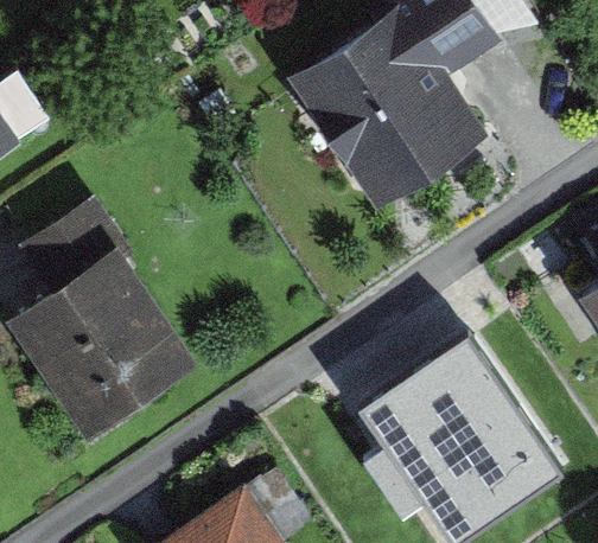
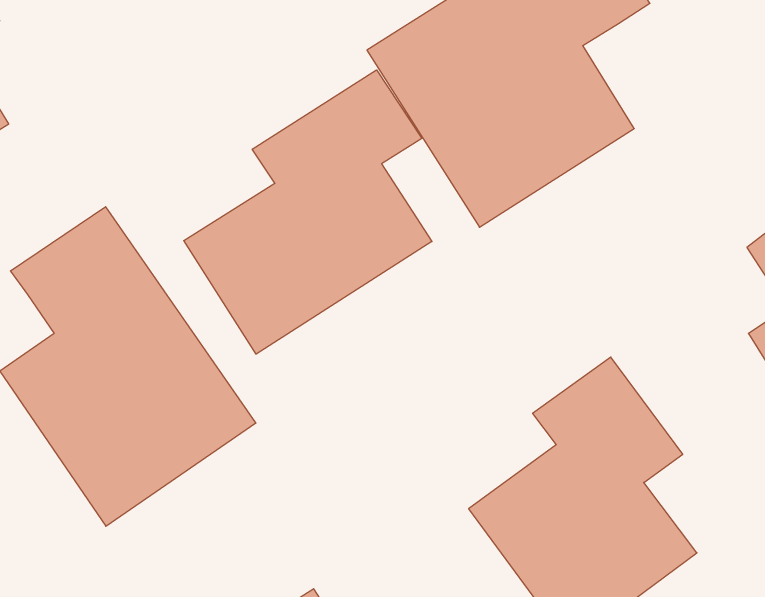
building: none -> [184,70,432,354]

